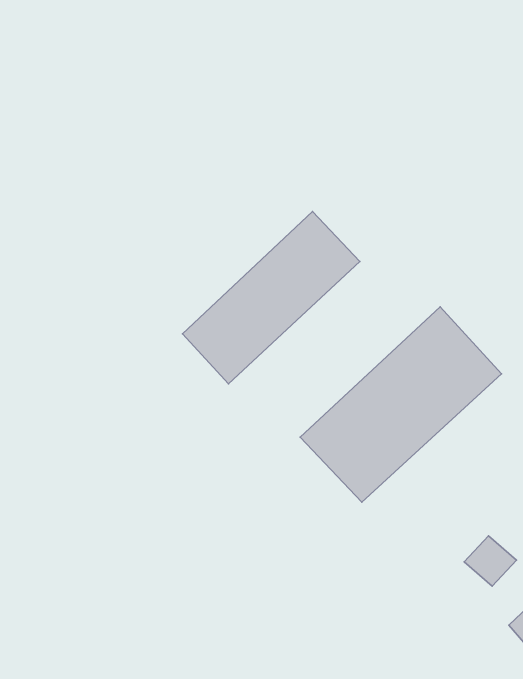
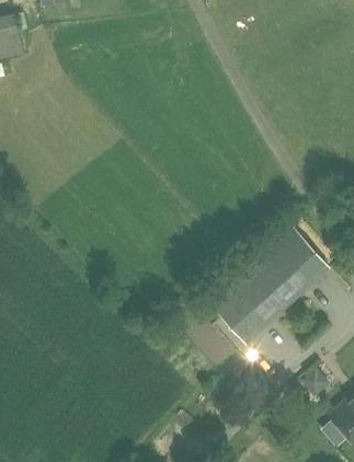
building: [182,212,360,384] -> none

